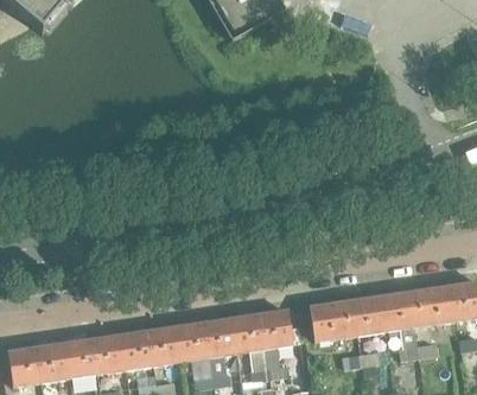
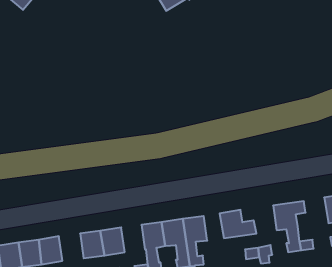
building: [411,286,454,325] -> none
building: [336,297,384,335] -> none
building: [174,323,206,359] -> none
building: [90,335,123,371] -> none

